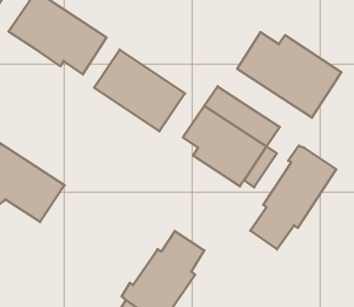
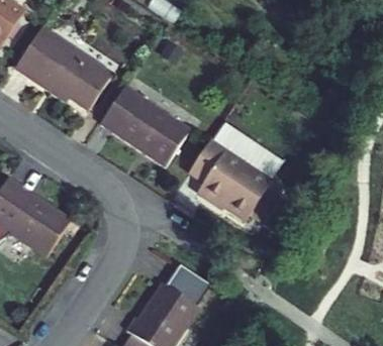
building: [237,32,341,118] -> none
building: [250,146,336,249] -> none

